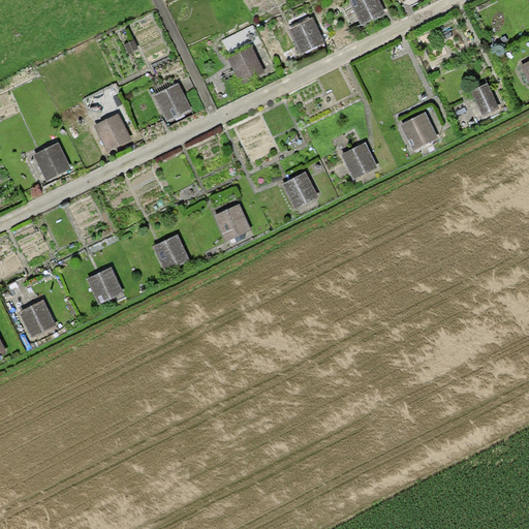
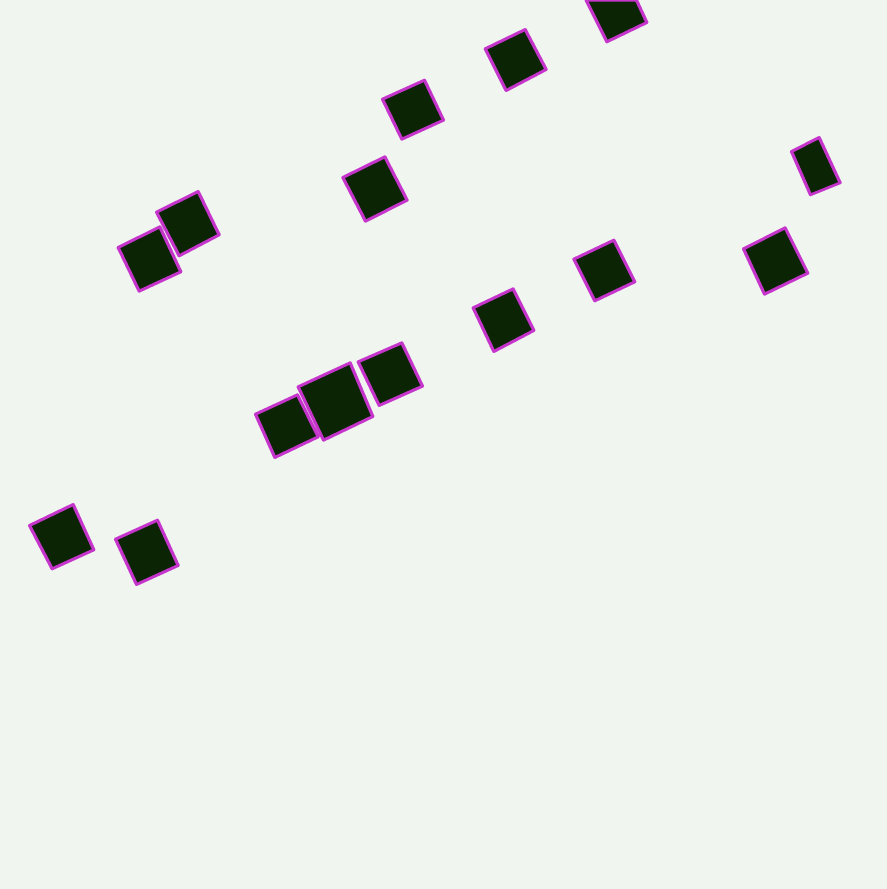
building: [153,83,191,121] -> [343,157,407,221]
building: [400,112,438,151] -> [744,228,808,294]
building: [33,142,70,180] -> [118,227,181,291]
building: none -> [298,363,373,440]
building: [86,267,123,305] -> [116,520,178,585]

